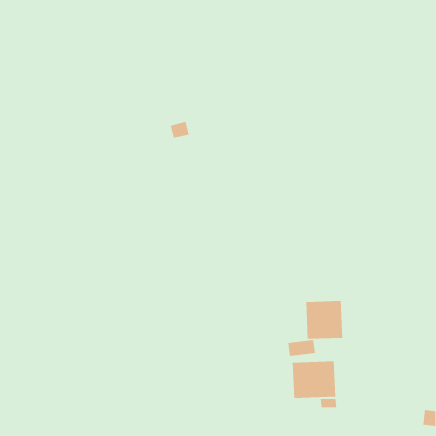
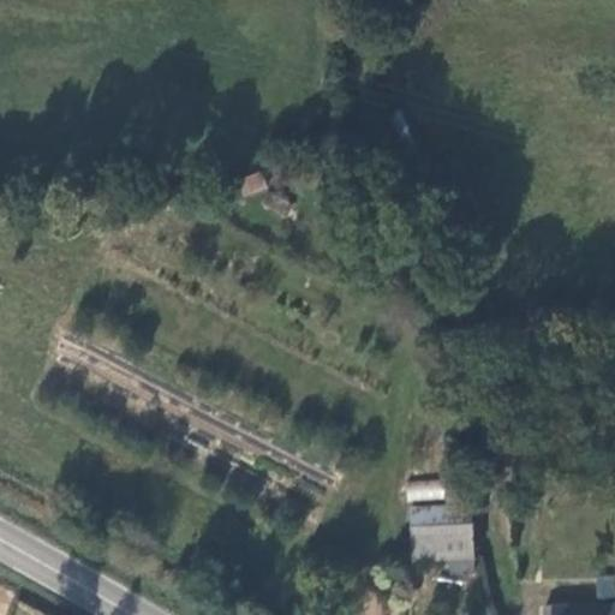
building: [306,300,343,340] -> none

